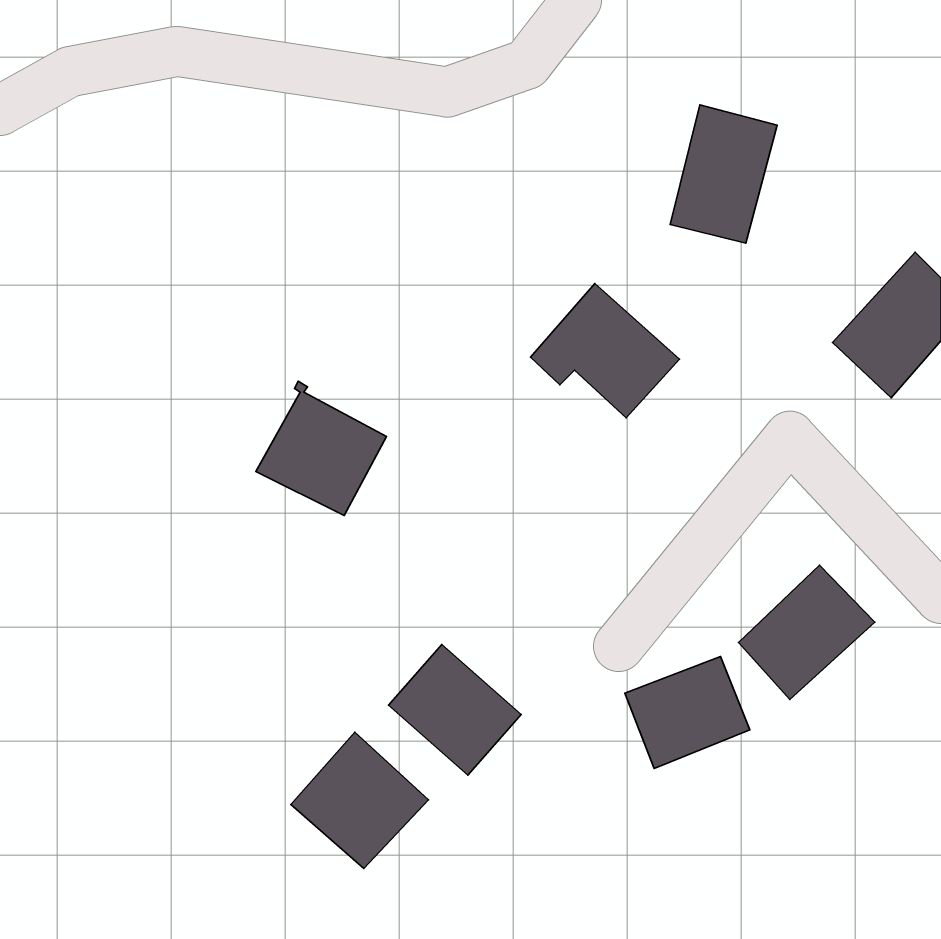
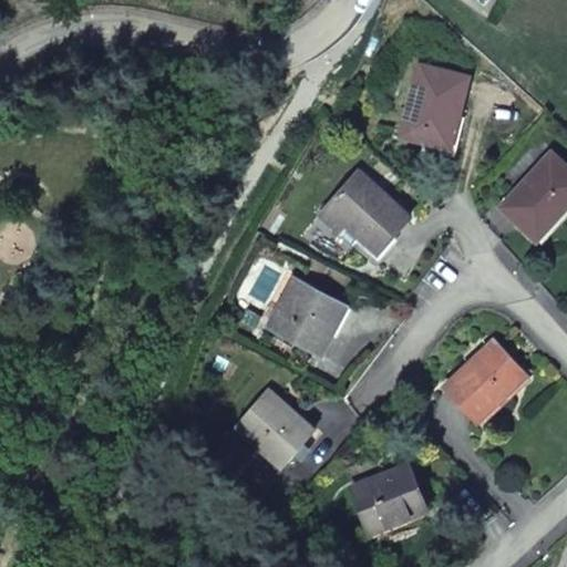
building: [256,381,387,516] -> [268,272,347,353]
building: [625,656,750,769] -> [351,465,426,533]
building: [291,732,429,869] -> none

